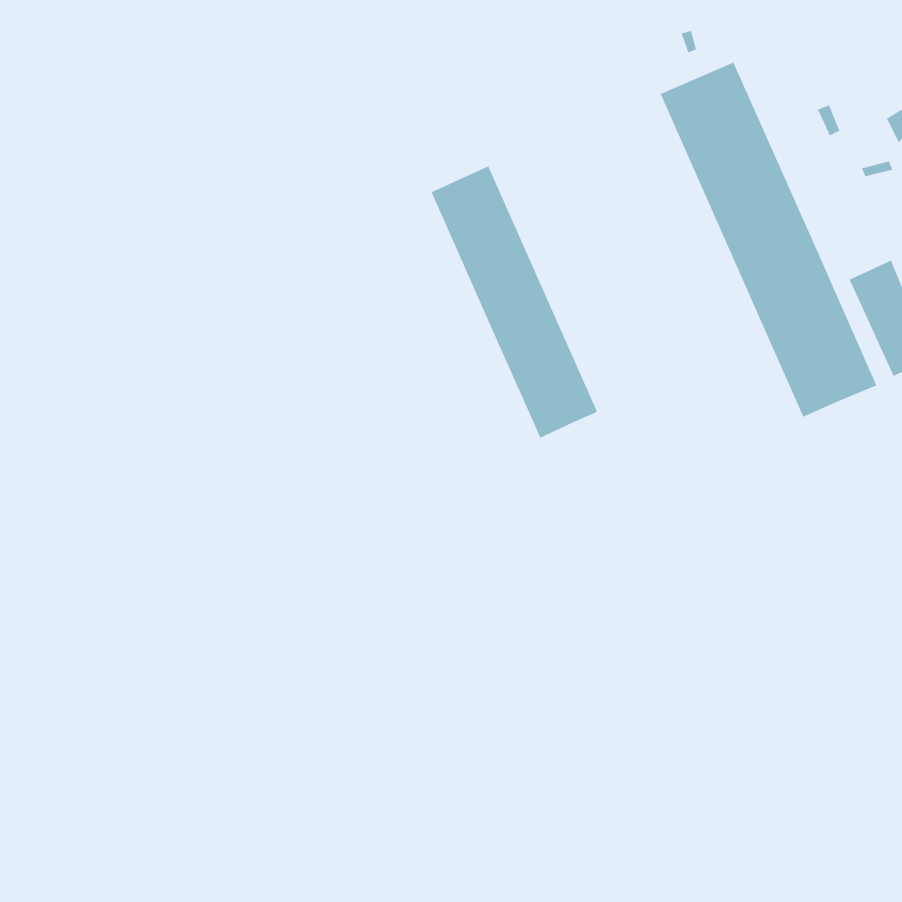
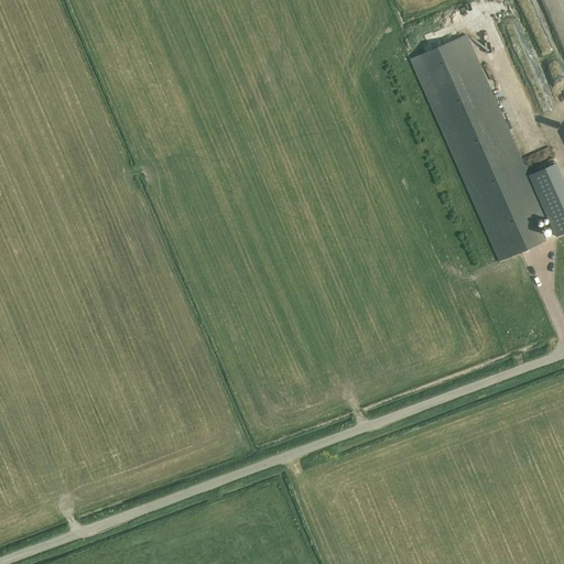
building: [431,165,598,439] -> none

